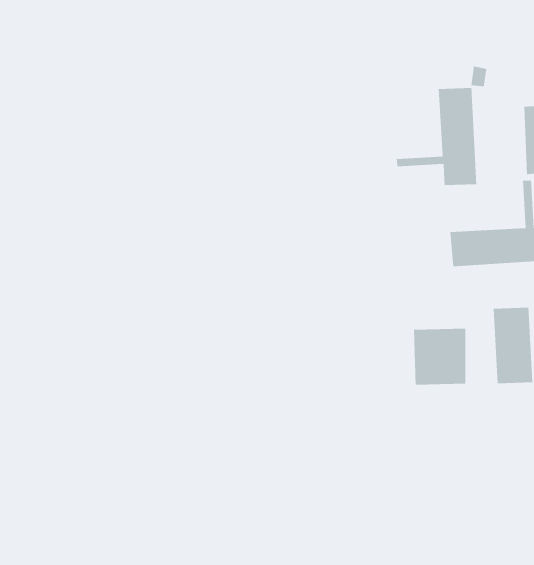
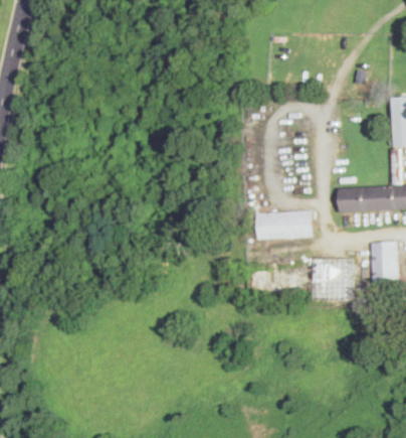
building: [396,87,477,186] -> none
building: none -> [255,210,312,240]

